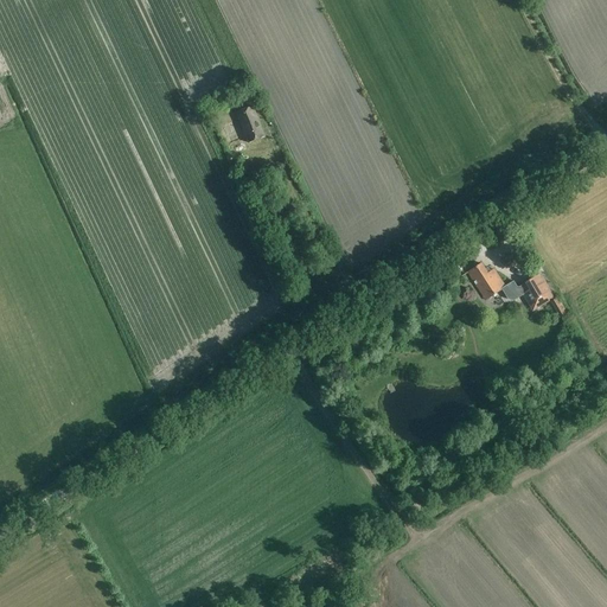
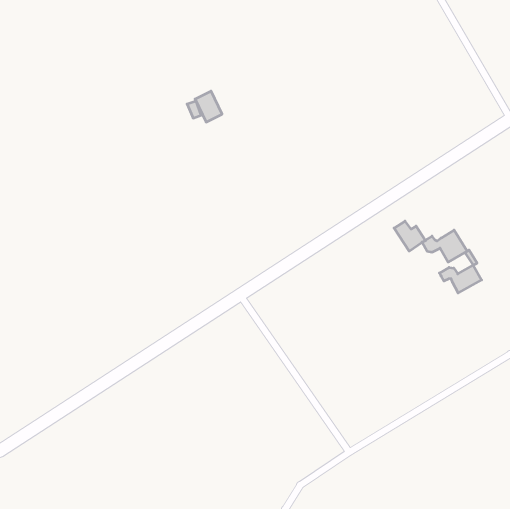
building: none -> [439,265,482,293]

